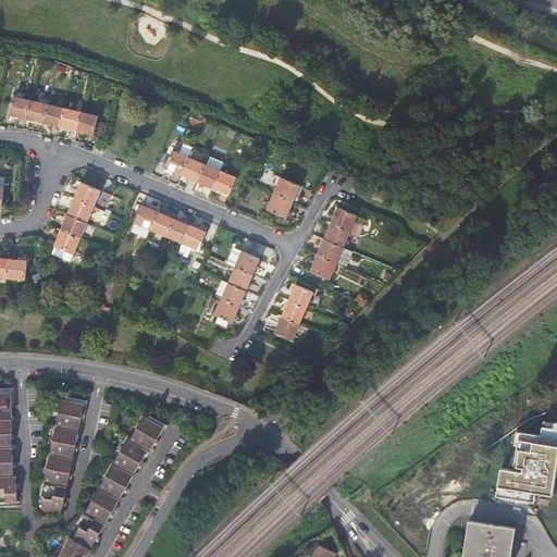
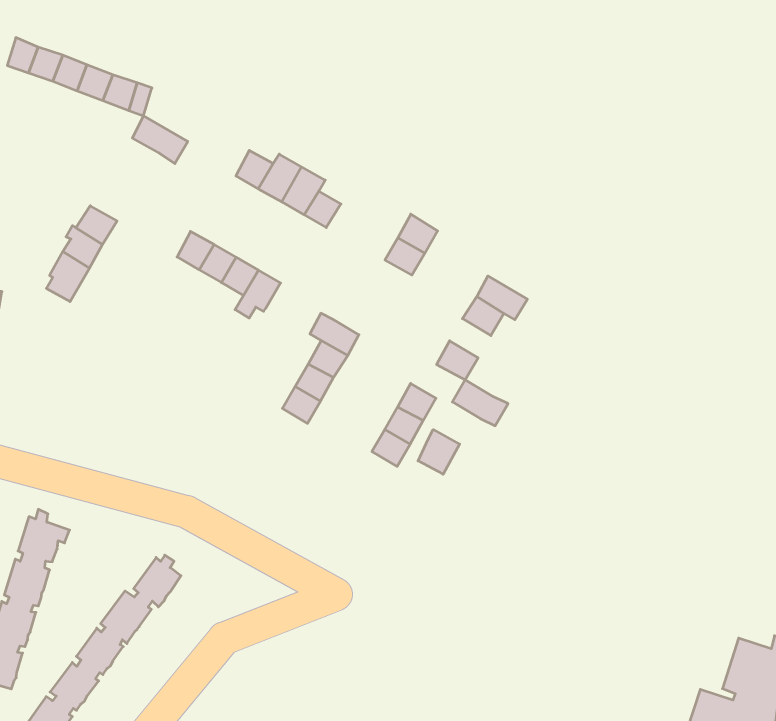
building: [74,182,110,210] -> [132,116,188,164]
building: [315,240,351,268] -> [452,380,508,426]
building: none -> [418,430,460,474]

